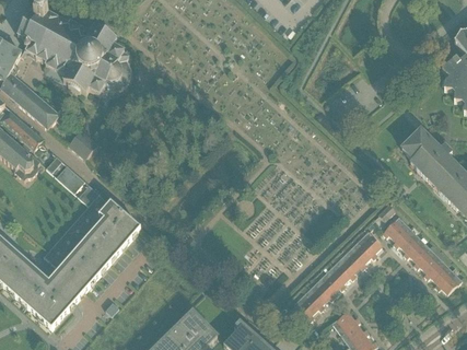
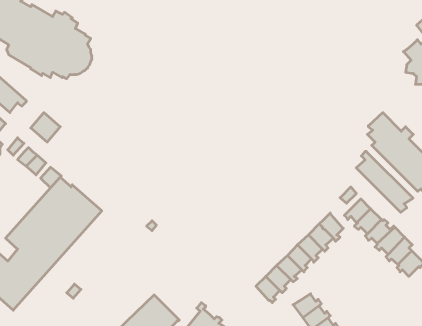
building: none -> [356,151,413,212]

